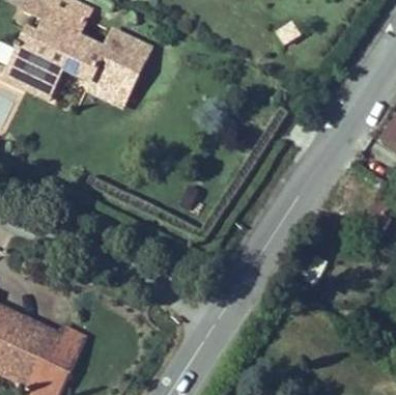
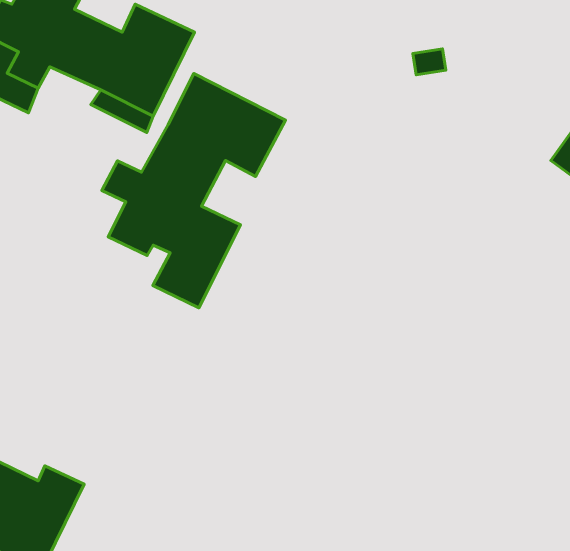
building: none -> [102,74,285,308]

